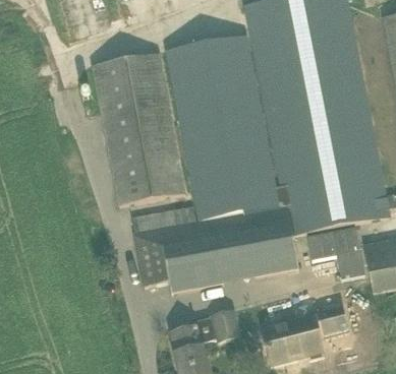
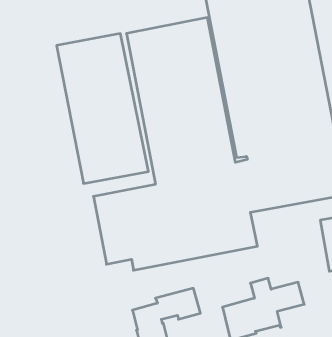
building: [307,227,364,278] -> none

